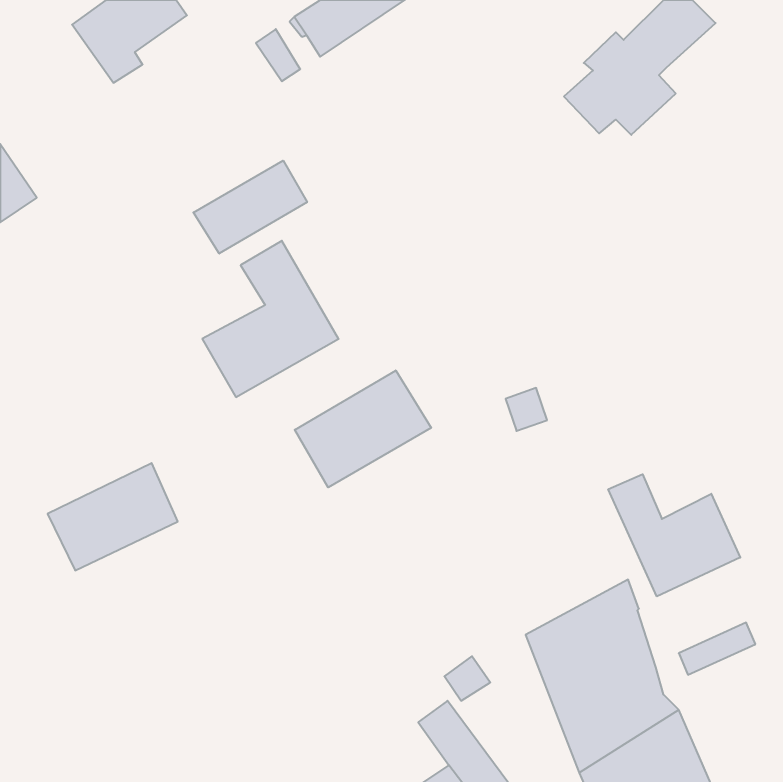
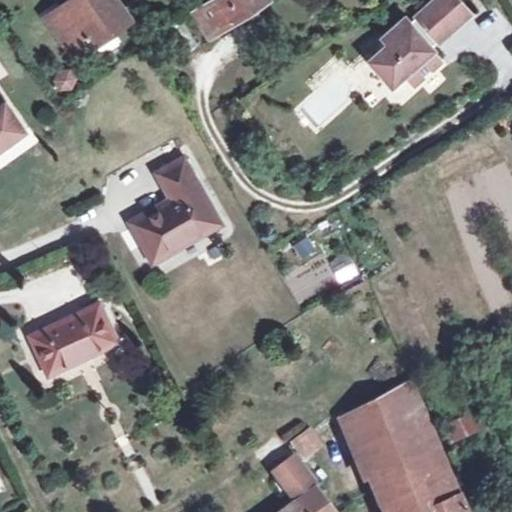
building: [193,161,307,254] -> none
building: [295,370,431,487] -> none
building: [608,474,740,596] -> none

